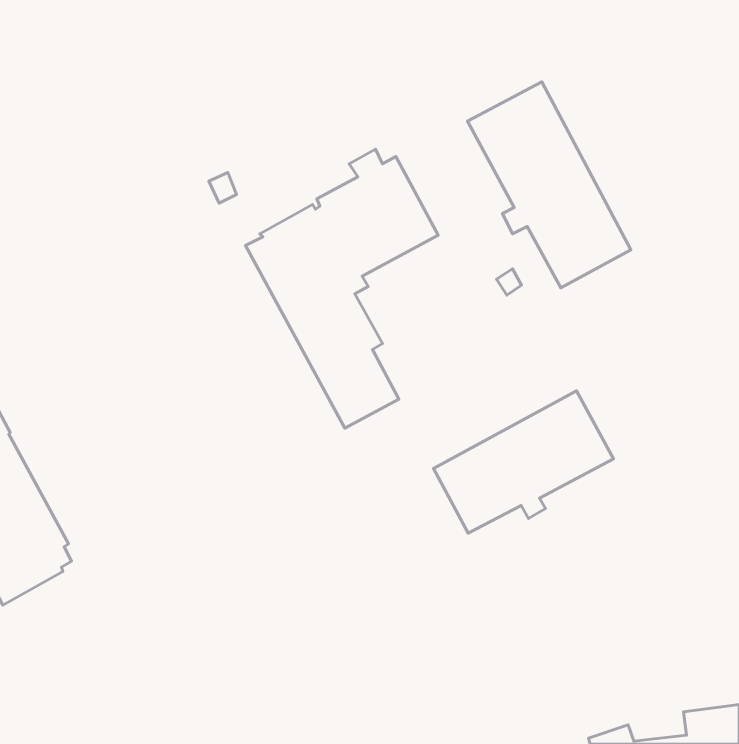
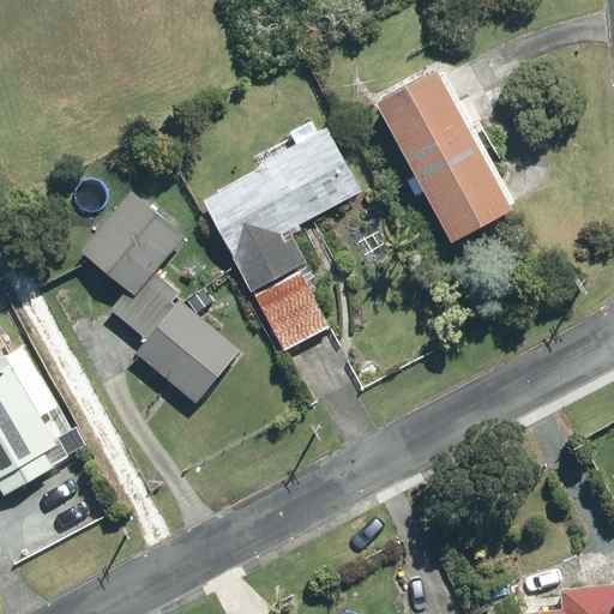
building: none -> [80,193,240,405]
building: [434,391,614,533] -> none

